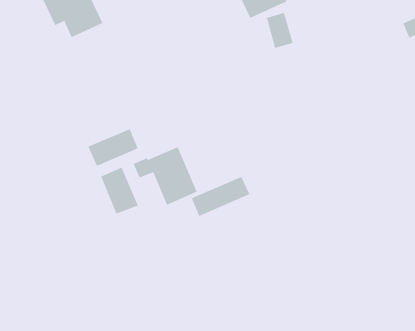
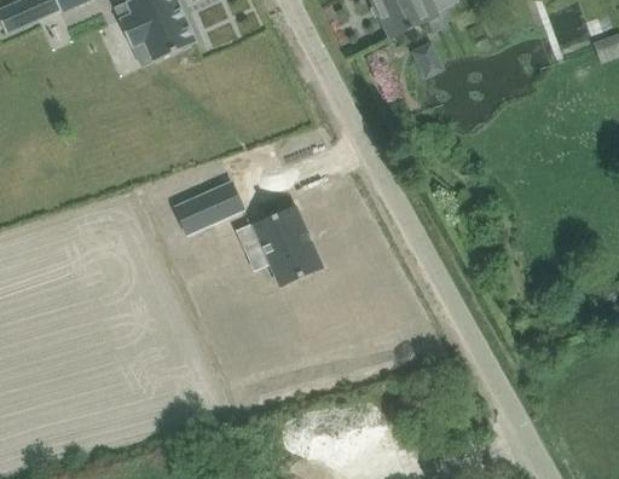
building: [100,167,138,215] -> none
building: [191,176,250,217] -> none

